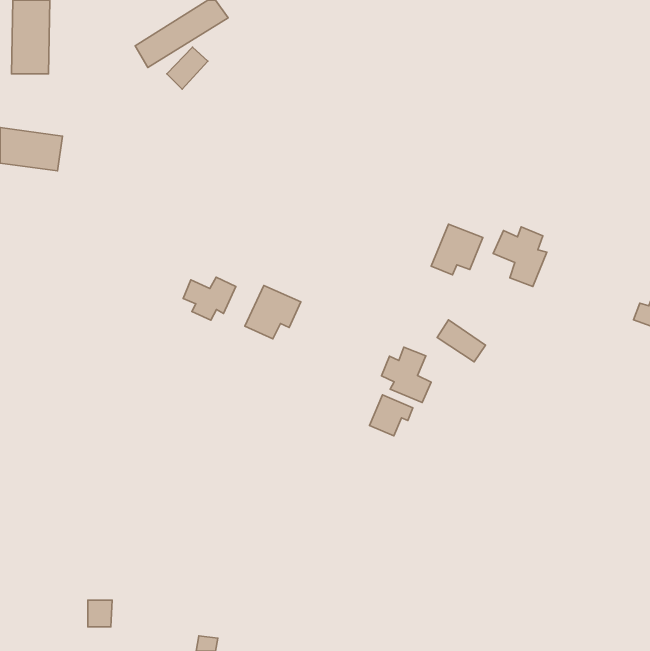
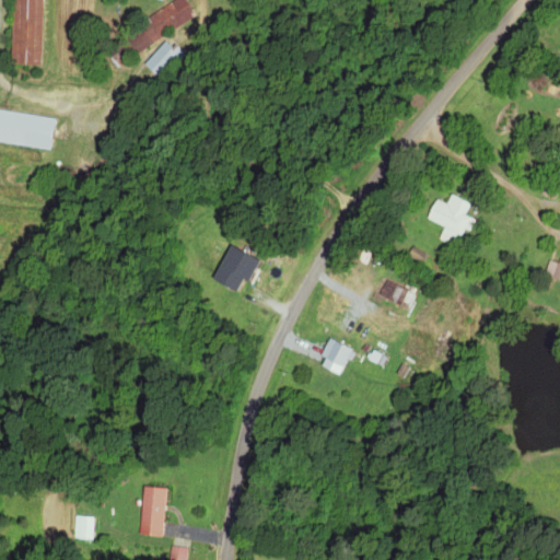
building: [431,224,483,275] -> none
building: [183,277,236,320] -> none
building: [381,347,431,403] -> none
building: none -> [140,487,165,535]

